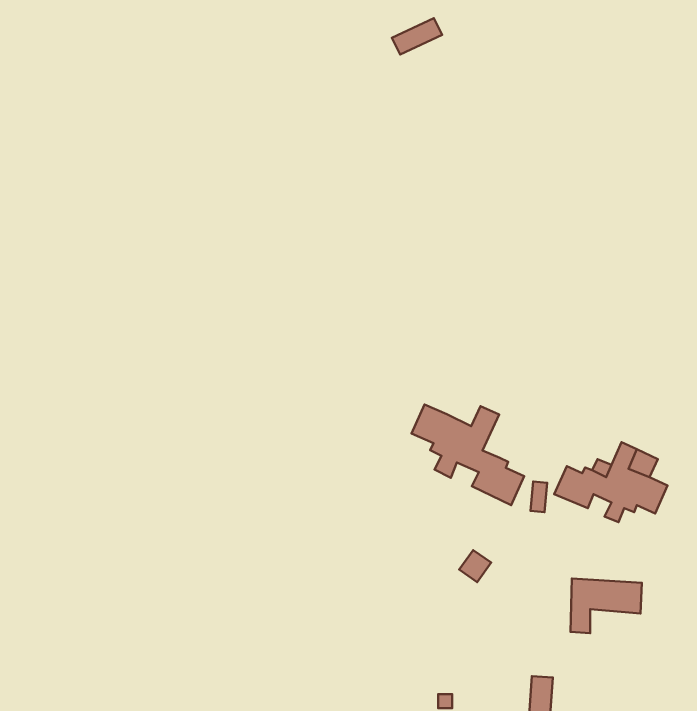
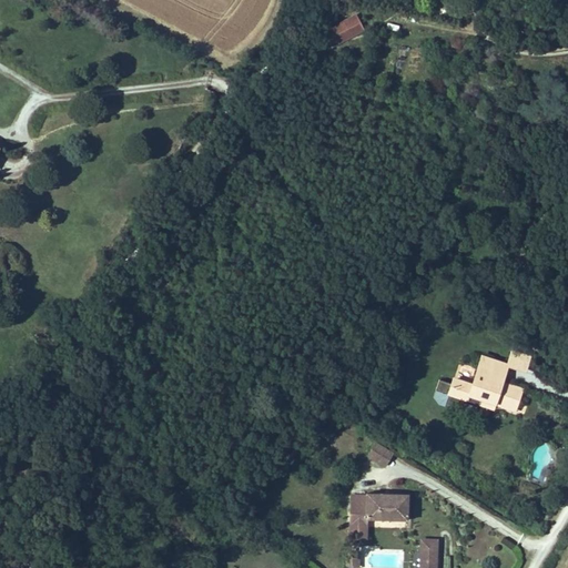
building: [412,404,524,505] -> none
building: [570,579,642,633] -> [352,495,408,538]

